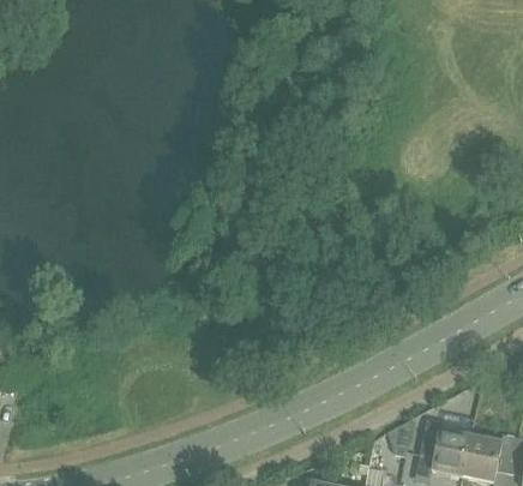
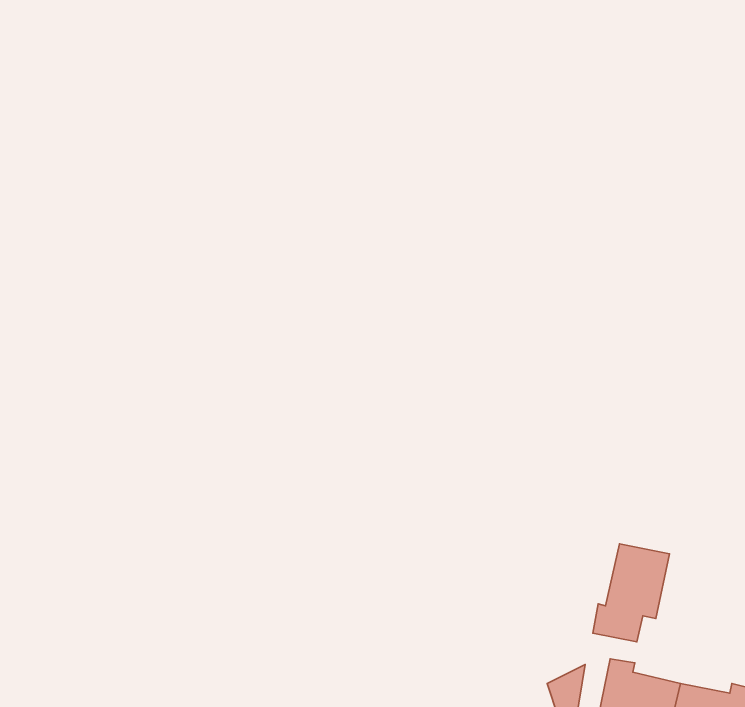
building: none -> [593,544,669,642]

